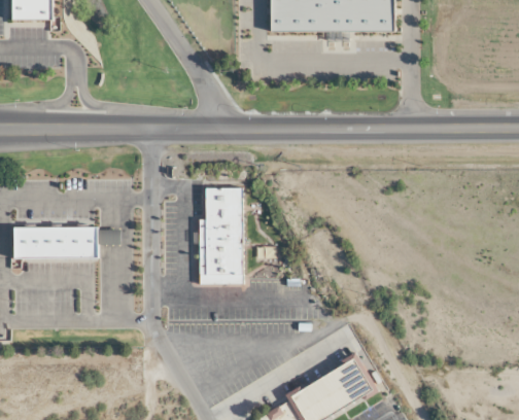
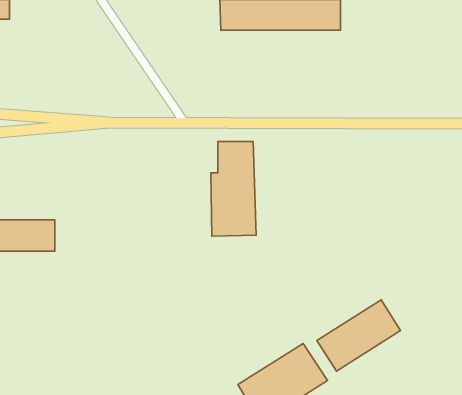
building: [199,188,245,285] -> [211,142,256,236]
building: none -> [317,300,401,371]

